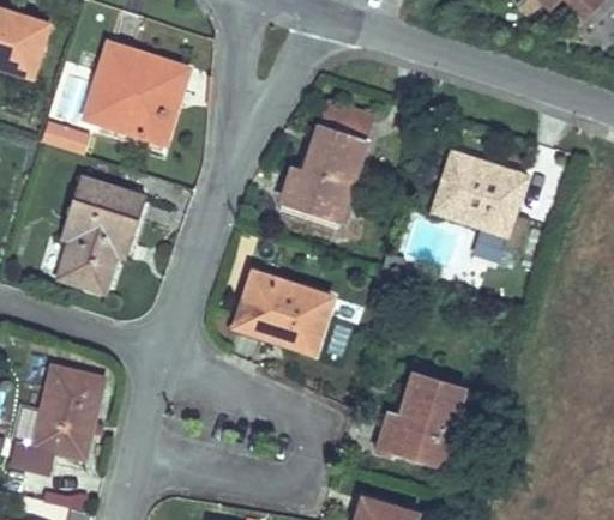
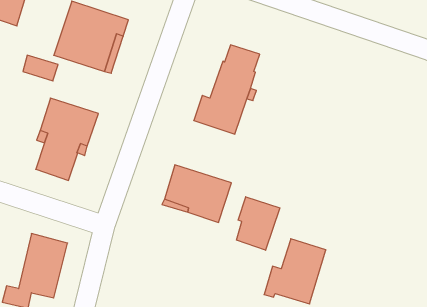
building: [434,152,529,250] -> none
building: none -> [236,197,280,250]

